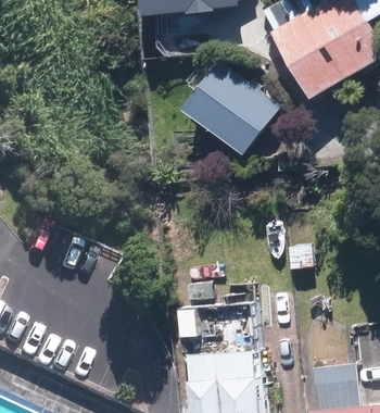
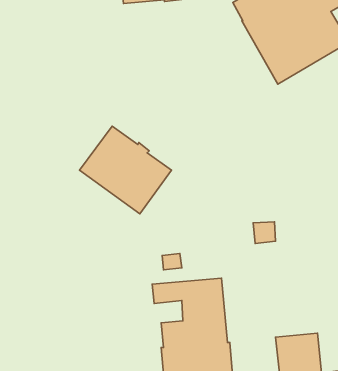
building: [186,59,283,152] -> [80,126,172,214]

